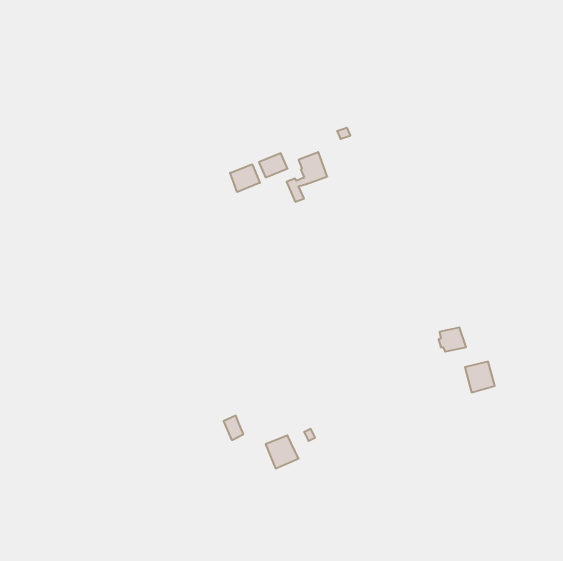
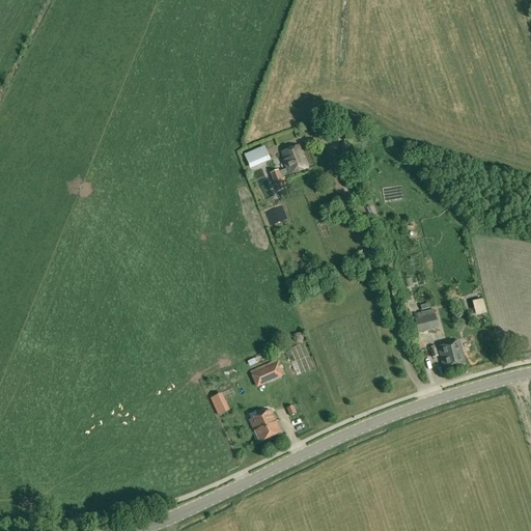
building: [230,164,260,192] -> none
building: none -> [251,360,281,384]

